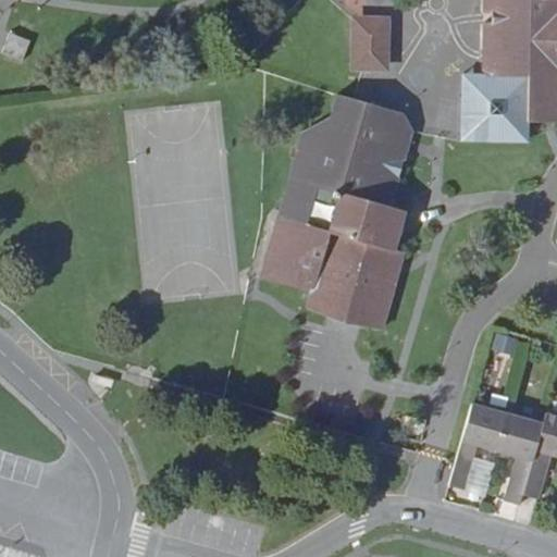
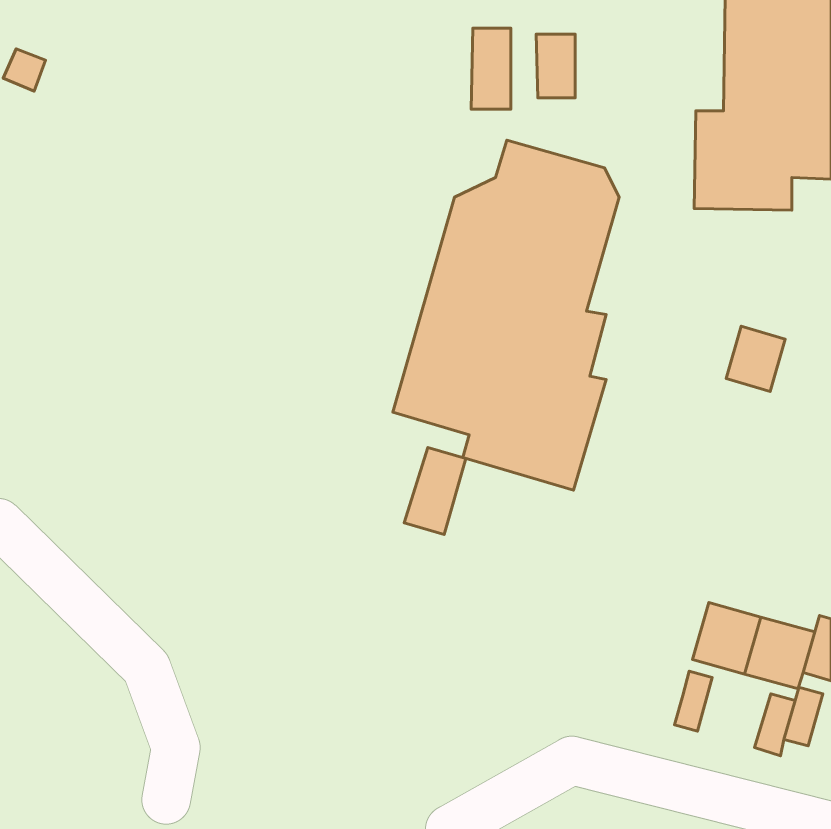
building: none -> [471,28,511,109]
building: none -> [726,326,785,391]
building: none -> [404,448,466,534]

